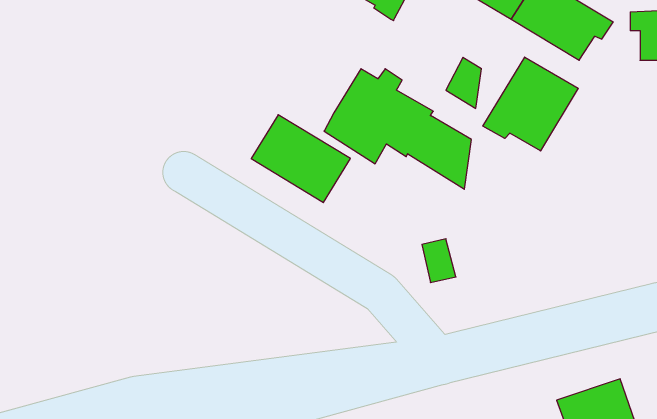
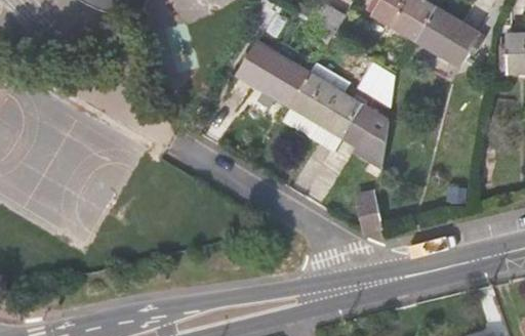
building: [483,57,578,151] -> none
building: [251,115,350,203] -> [234,49,306,113]

